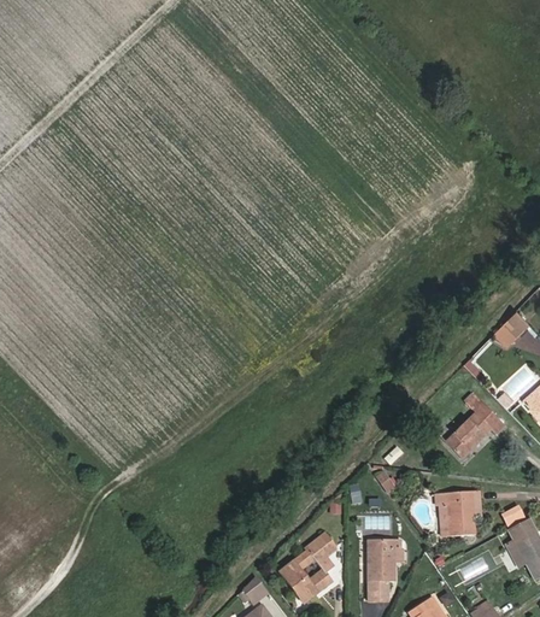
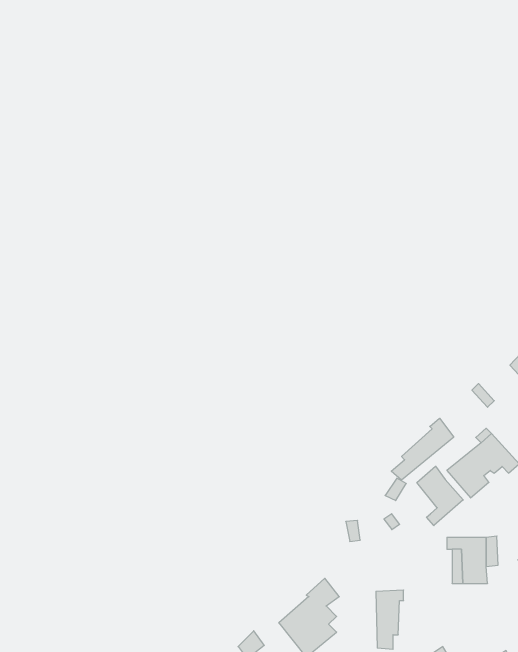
building: none -> [391,418,454,480]
building: none -> [417,466,463,526]

